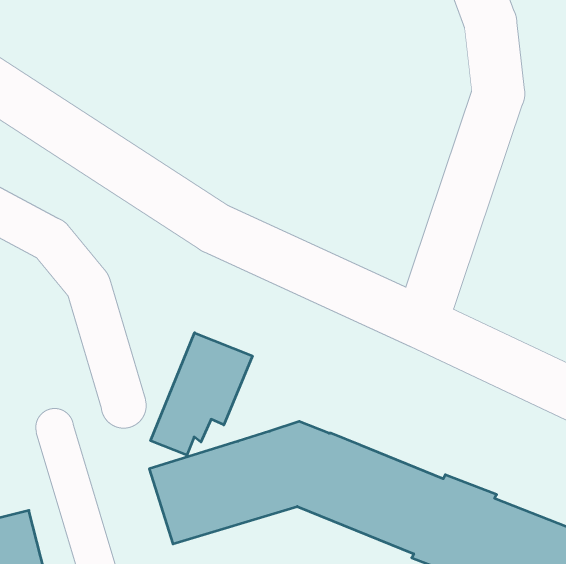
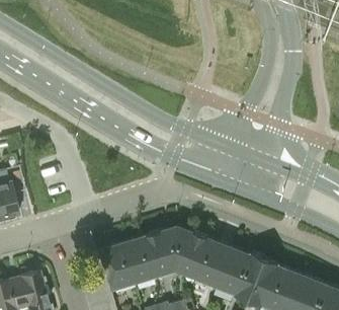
building: [151,333,252,455] -> none

